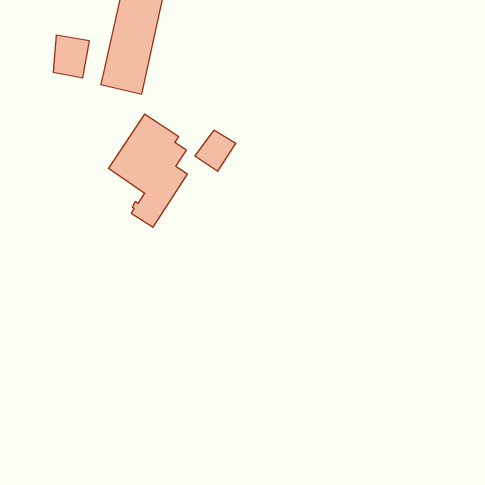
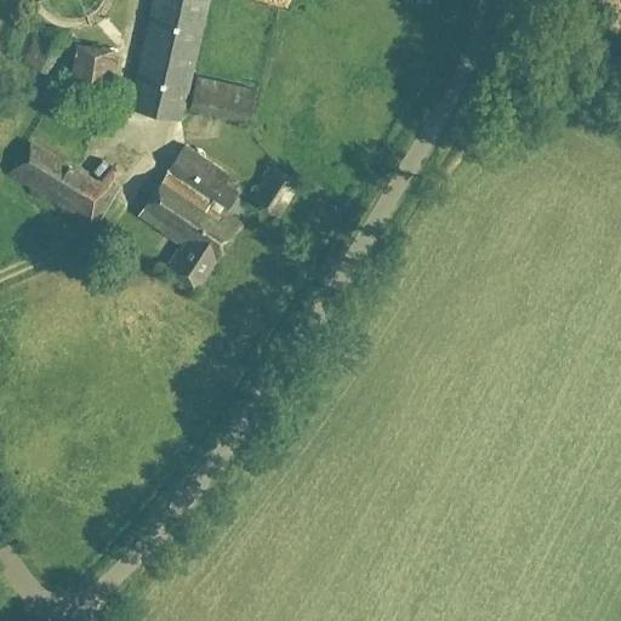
building: none -> [189,74,257,125]
building: none -> [10,139,110,221]

